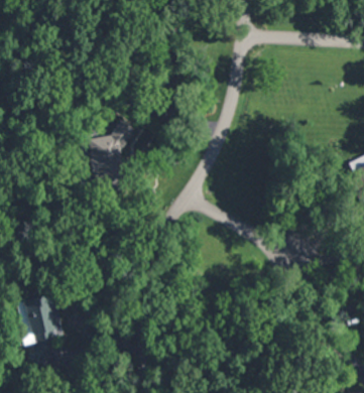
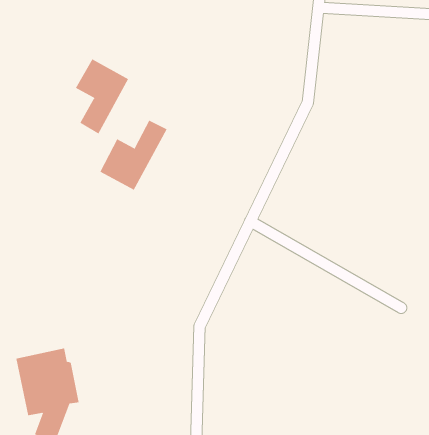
building: none -> [75,59,129,134]

